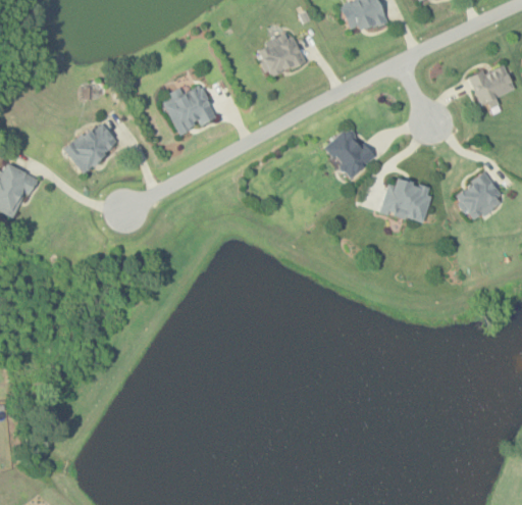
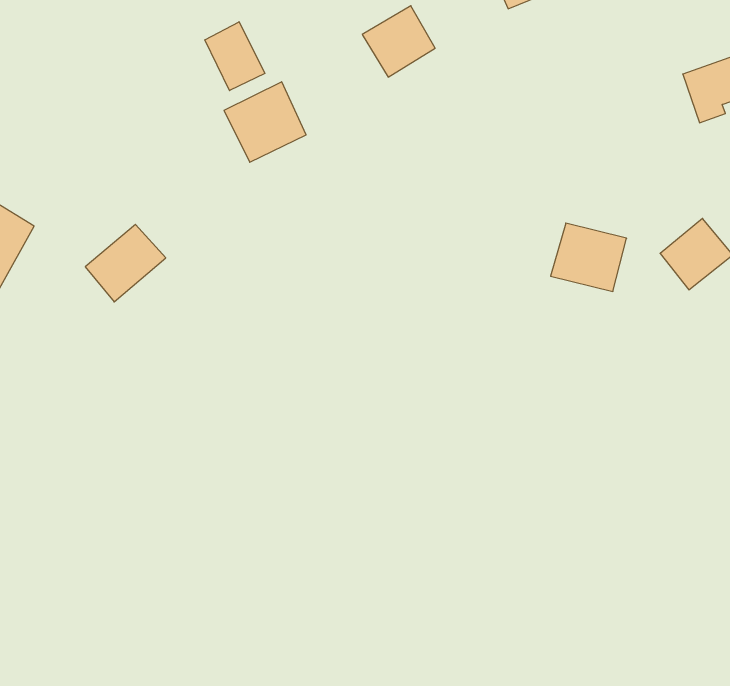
building: none -> [205,22,265,91]
building: [64,120,118,172] -> [85,224,166,302]
building: [323,125,375,179] -> none

